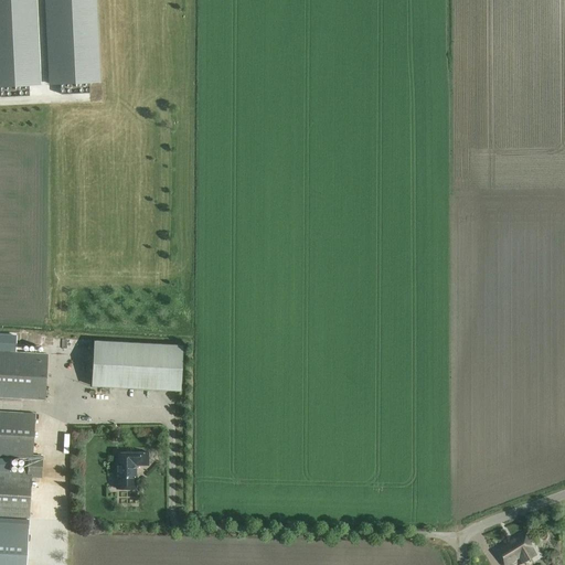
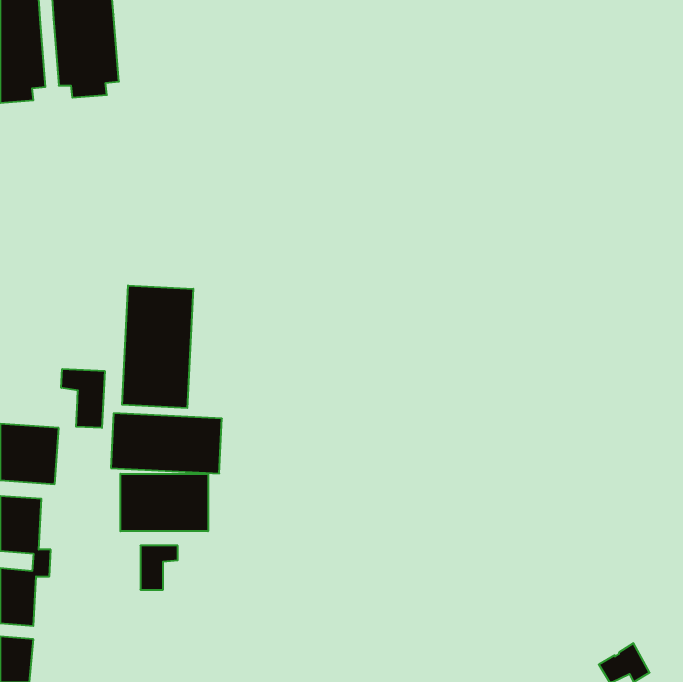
building: none -> [122,285,193,408]
building: none -> [61,369,105,428]
building: none -> [120,474,208,531]

